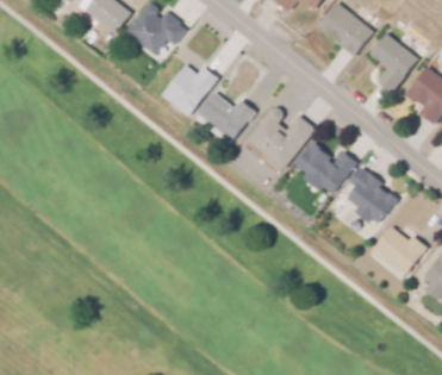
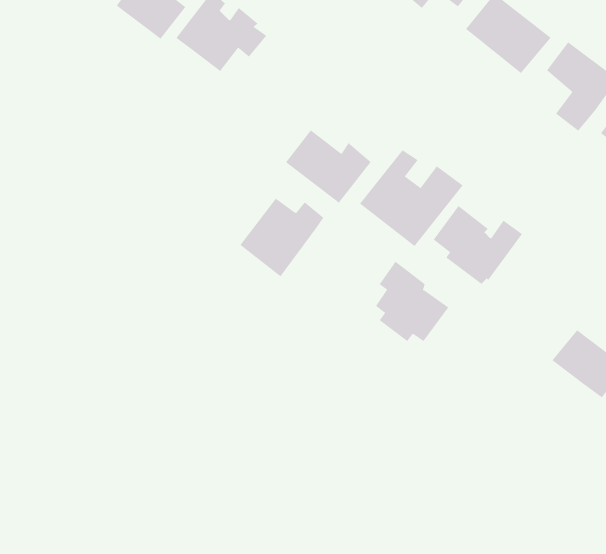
building: [161,64,217,117] -> [240,198,324,277]
building: [347,167,396,220] -> [375,261,449,342]

